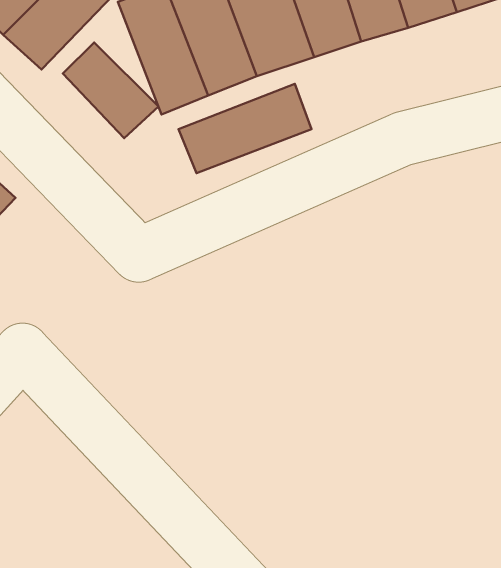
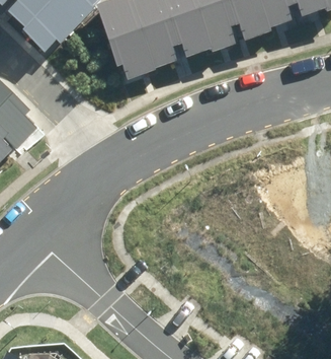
building: [63,42,158,138] -> none
building: [178,84,311,173] -> none

